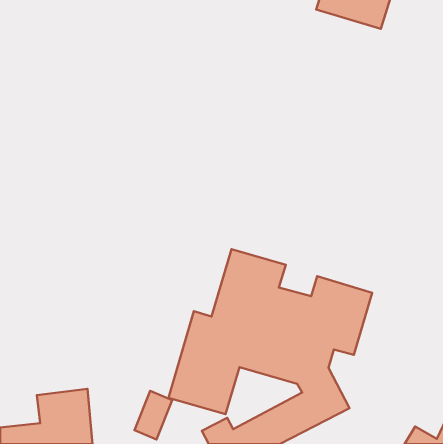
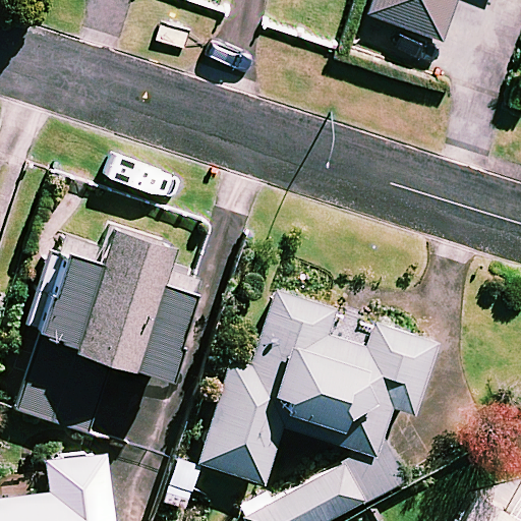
building: none -> [19,228,193,430]

